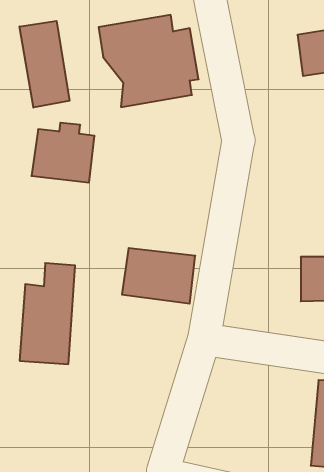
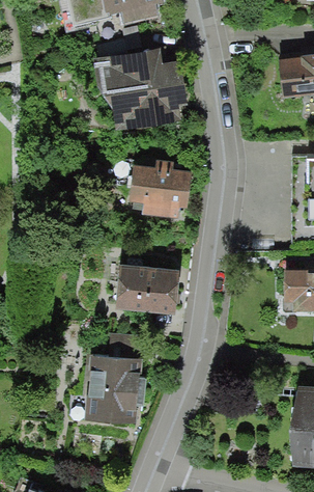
building: [20,21,70,108] -> none
building: [31,123,95,183] -> [130,160,189,216]
building: [20,263,75,364] -> [86,335,138,430]

